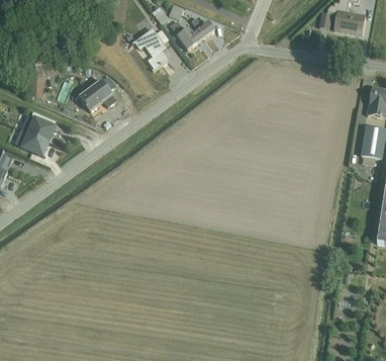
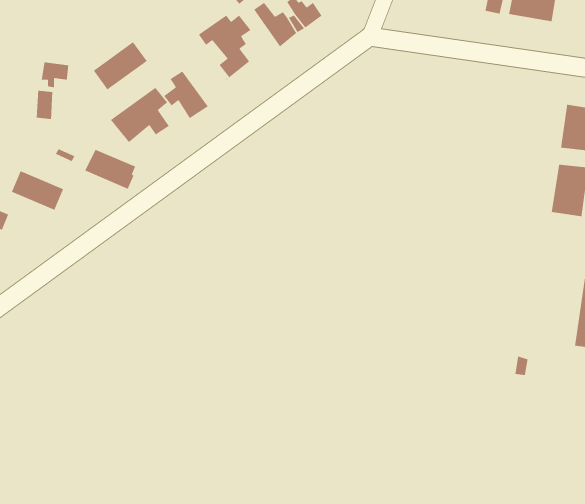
building: none -> [93,41,148,91]
building: none -> [163,70,209,119]
building: [20,114,54,141] -> [84,149,136,190]

